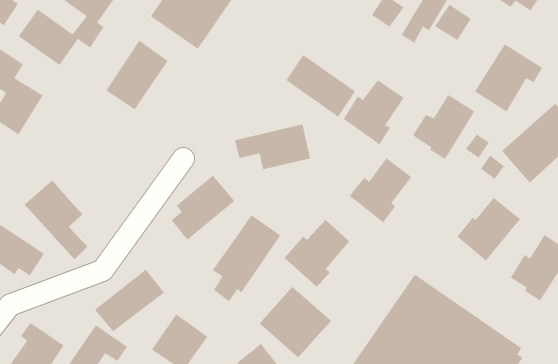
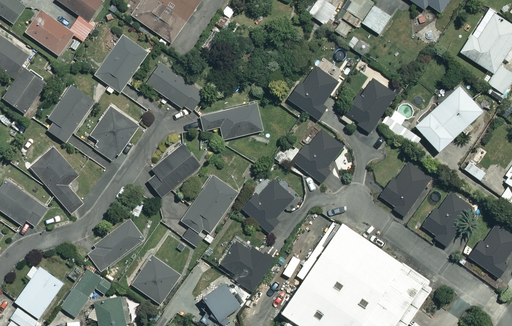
building: [474,44,543,112] -> none
building: [285,54,356,117] -> [146,62,203,113]
building: none -> [43,84,94,141]
building: none -> [91,106,136,160]

